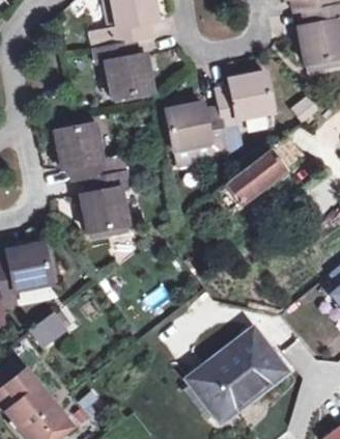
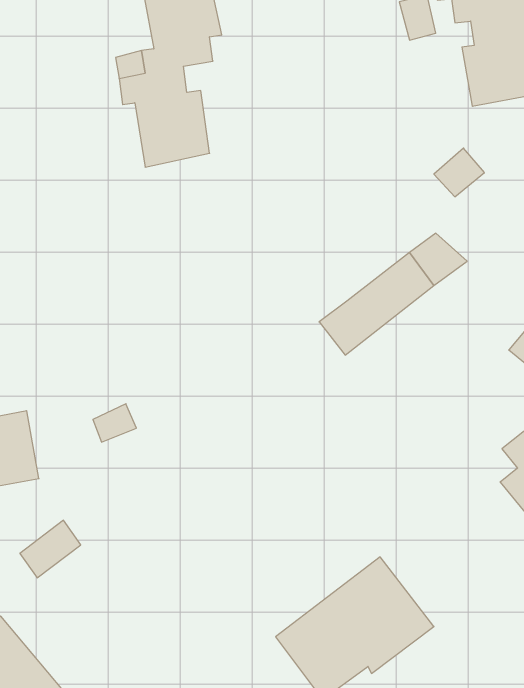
building: [169,73,277,153] -> none
building: [56,125,130,235] -> none

